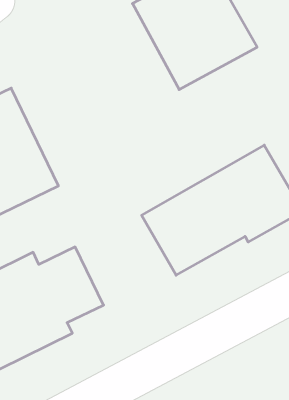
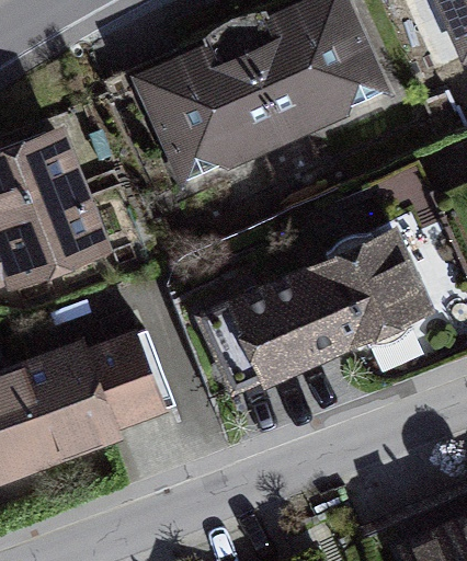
building: none -> [132,27,286,188]

